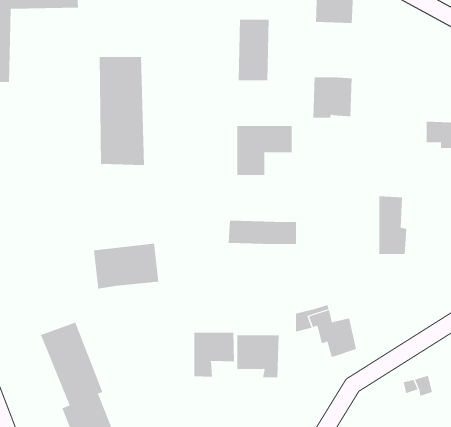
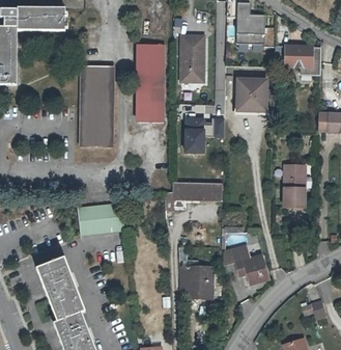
building: none -> [275,30,312,75]
building: none -> [136,42,164,118]
building: [194,332,234,377] -> none

